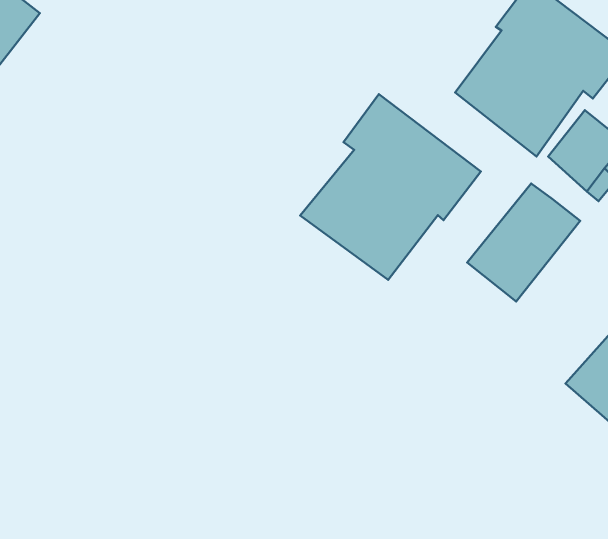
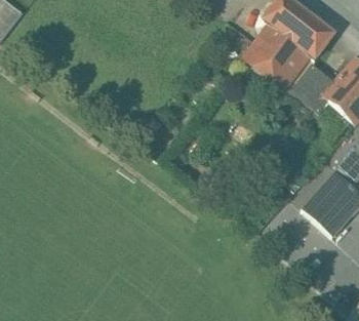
building: [300,94,481,280] -> none
building: [467,183,580,302] -> none

